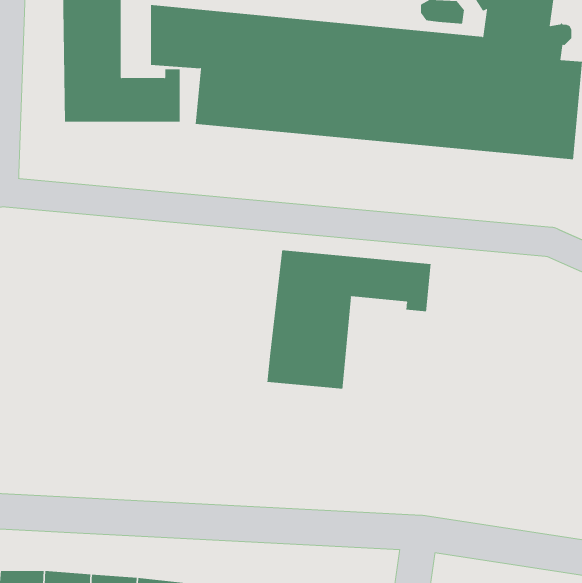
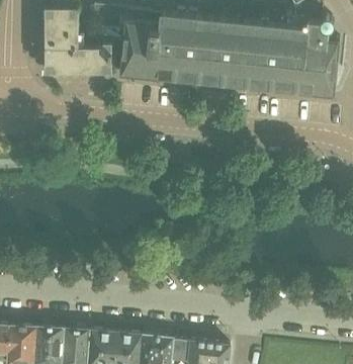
building: [267,249,431,390] -> none

